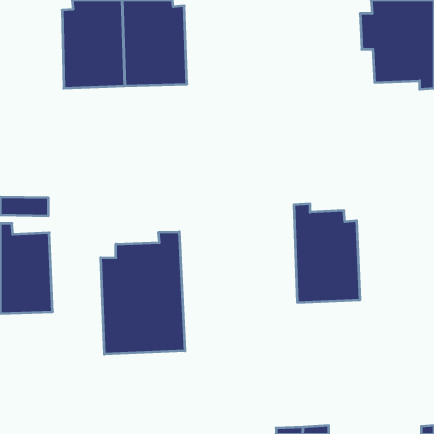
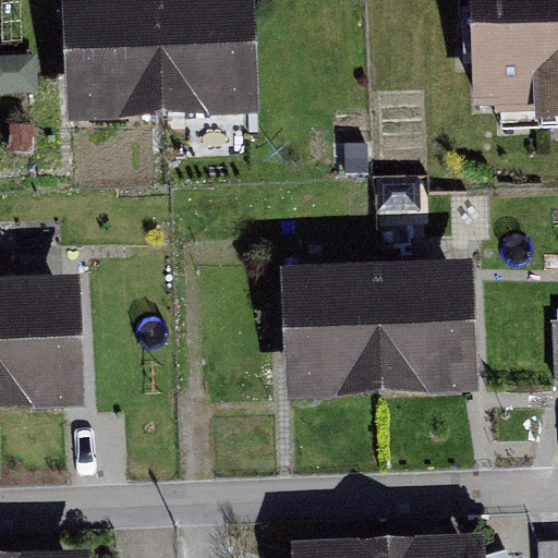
building: none -> [298,263,381,391]
building: [101,232,185,354] -> none

